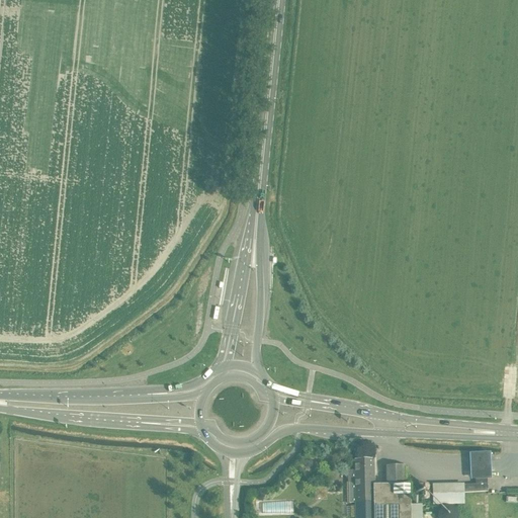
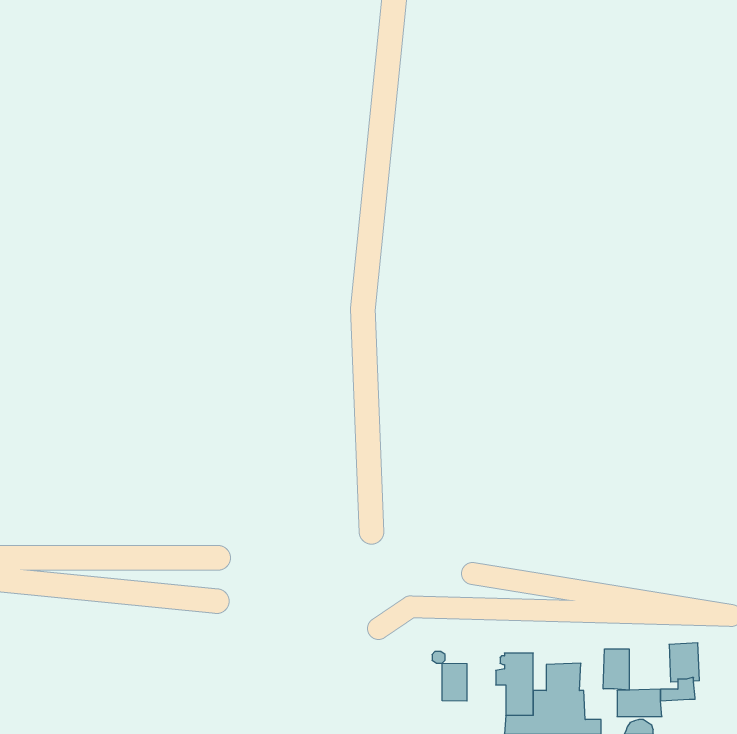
building: none -> [603,649,629,690]
building: none -> [442,663,467,701]

